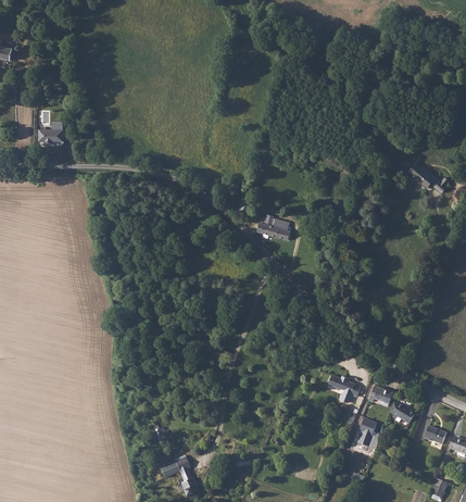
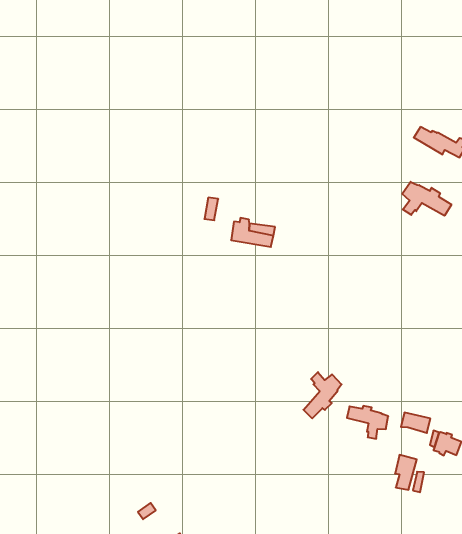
building: none -> [402,182,451,216]
building: none -> [303,372,342,418]

